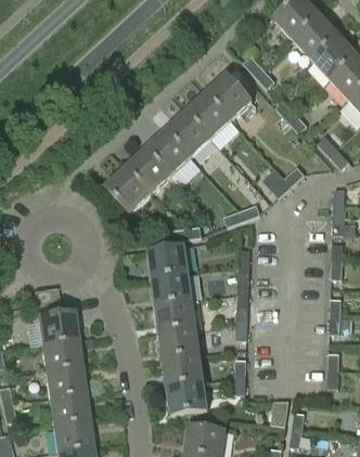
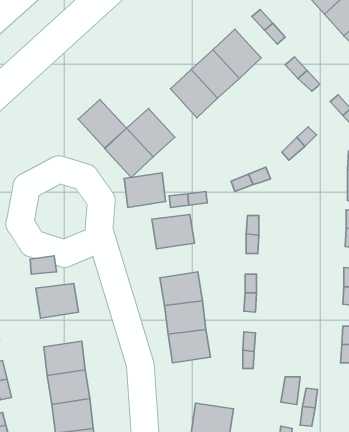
building: [145,130,191,175] -> [78,99,126,148]
building: [153,275,192,308] -> [124,173,166,207]
building: [43,340,82,373] -> none
building: [168,382,207,416] -> none

